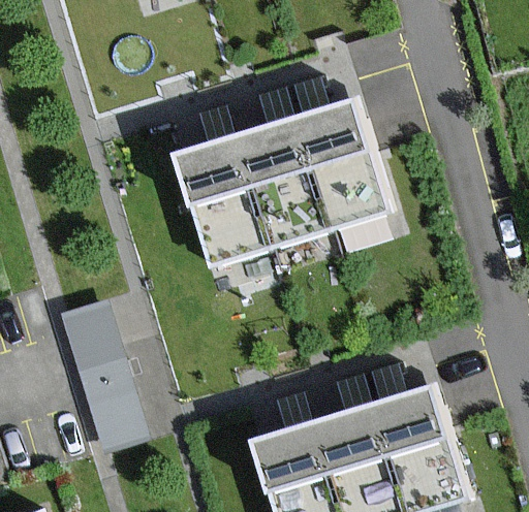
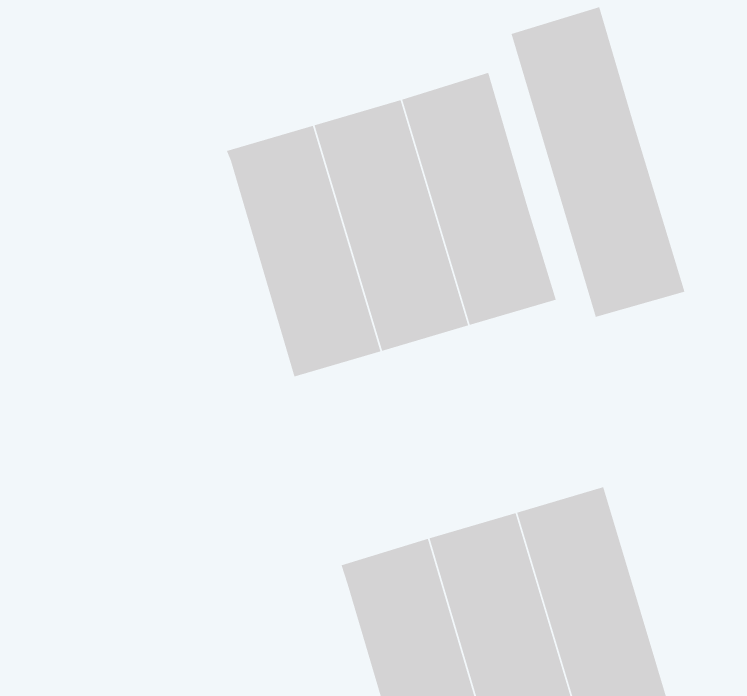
building: none -> [511,6,686,318]
building: [67,302,150,452] -> none

